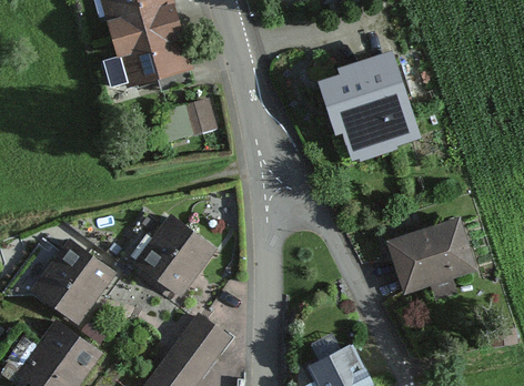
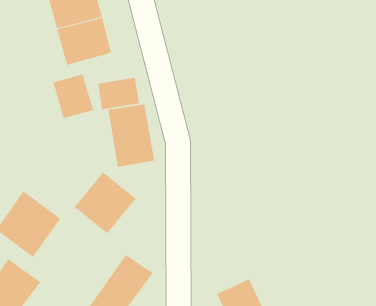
building: [324,64,409,159] -> none
building: none -> [53,74,94,119]
building: none -> [108,103,155,167]
building: [386,219,481,298] -> none

